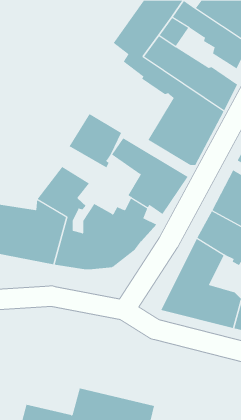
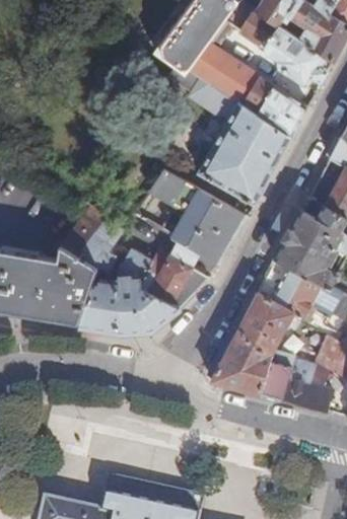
building: [69,113,122,168] -> none

